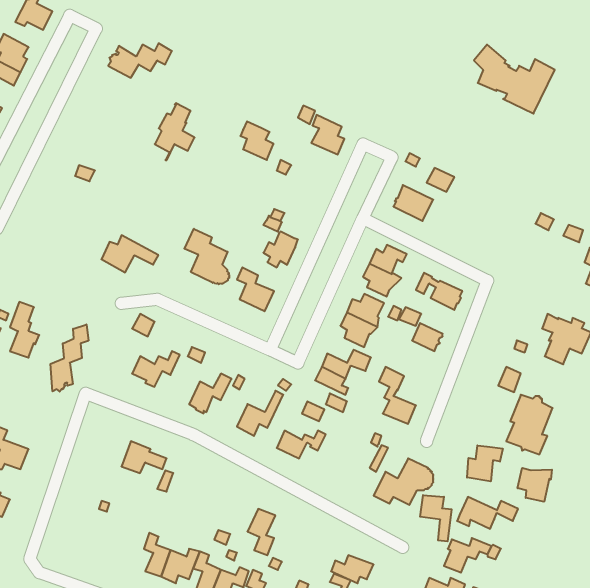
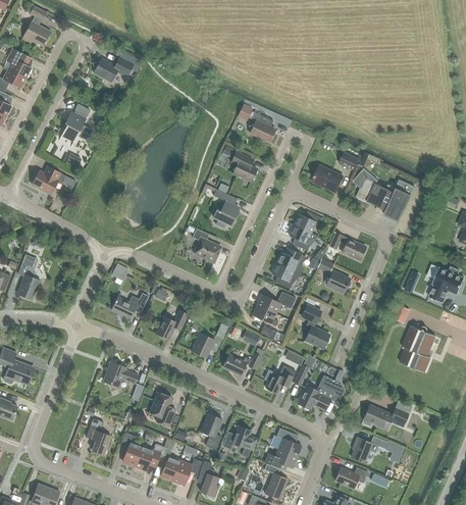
building: [474,45,555,114] -> [353,167,415,220]
building: [155,103,195,160] -> [61,103,92,147]
building: [240,121,274,160] -> [230,151,256,181]
building: [184,229,229,284] -> none
building: [101,235,158,272] -> [32,165,75,194]
building: [50,324,88,392] -> none
building: none -> [265,364,295,393]
building: [467,445,503,481] -> none
building: [518,468,552,502] -> none
building: none -> [149,392,175,425]
building: [420,495,452,541] -> none
building: none -> [85,417,110,454]
building: none -> [222,425,257,457]
building: none -> [275,427,301,456]

